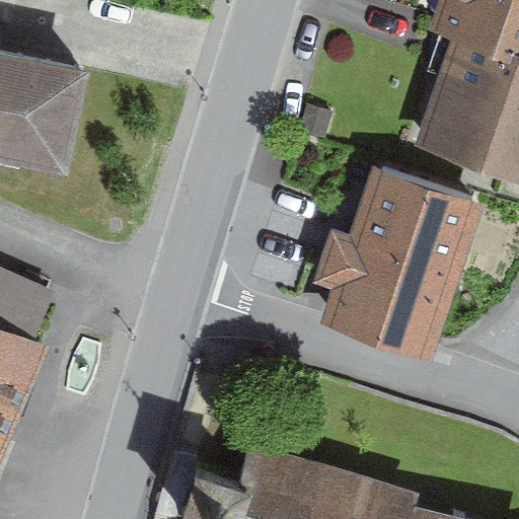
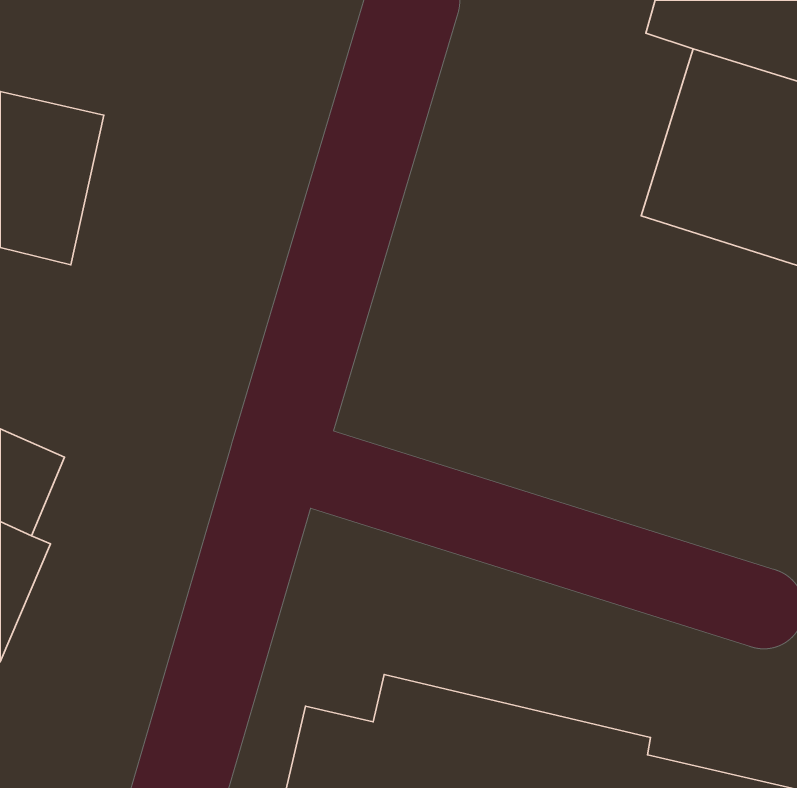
building: [322,187,461,358] -> none

